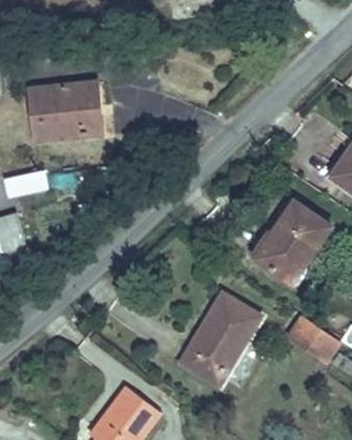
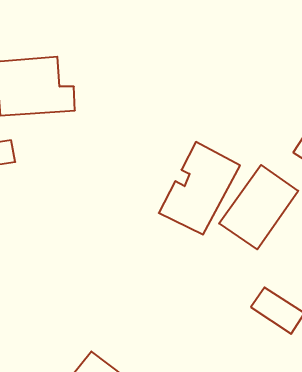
building: [178,293,259,386] -> [159,142,240,235]

